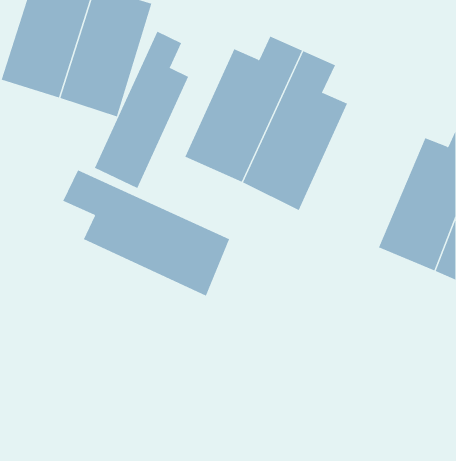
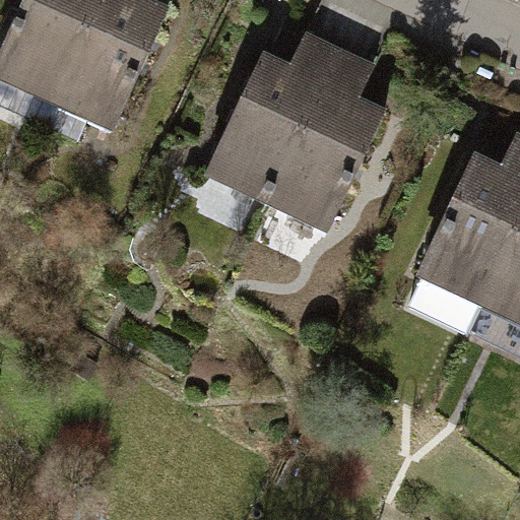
building: [94,31,189,189] -> none
building: [63,169,230,296] -> none

